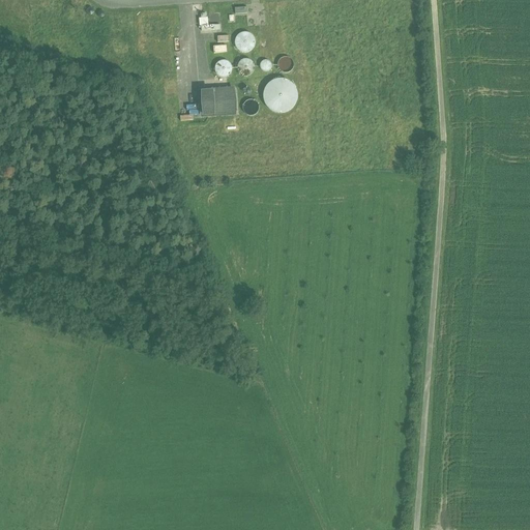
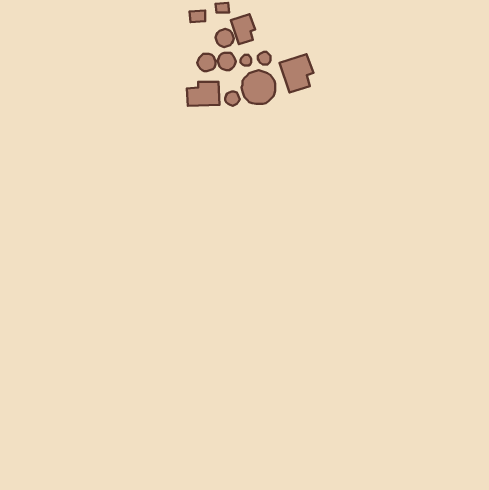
building: none -> [231,14,255,44]
building: none -> [279,54,313,93]

